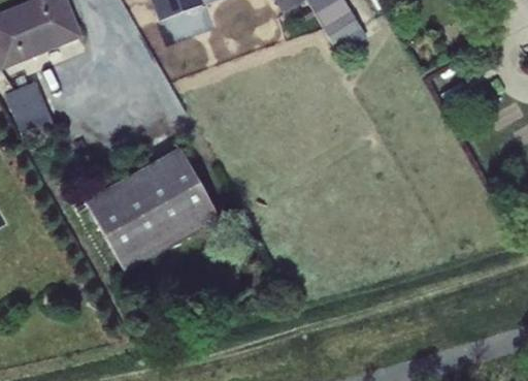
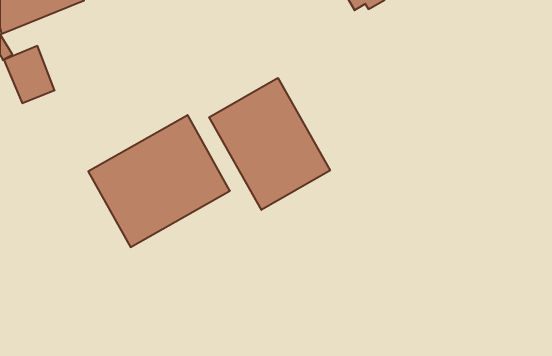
building: none -> [209,78,330,210]

